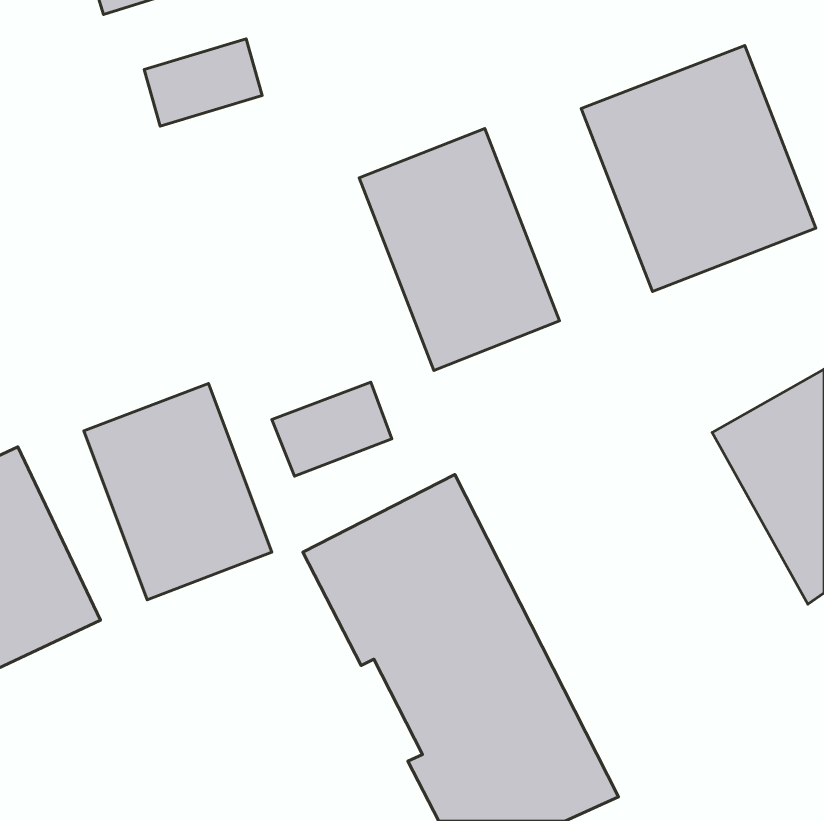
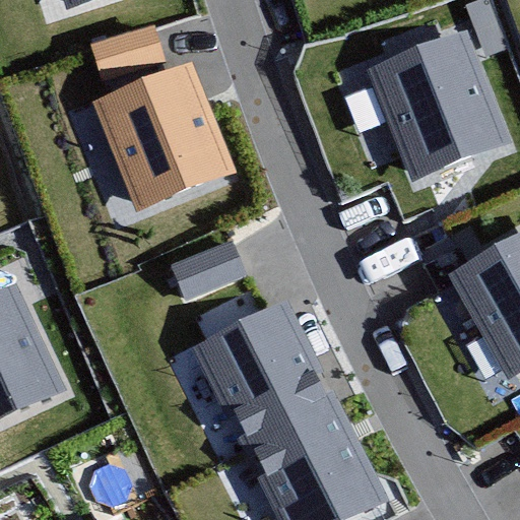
building: none -> [90,60,236,210]
building: [359,128,560,370] -> none
building: [84,383,272,600] -> none

